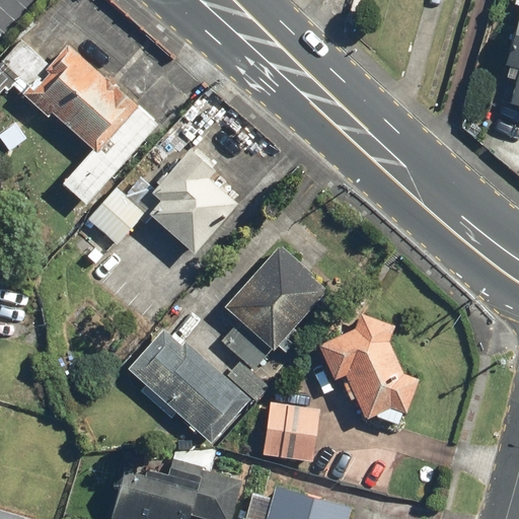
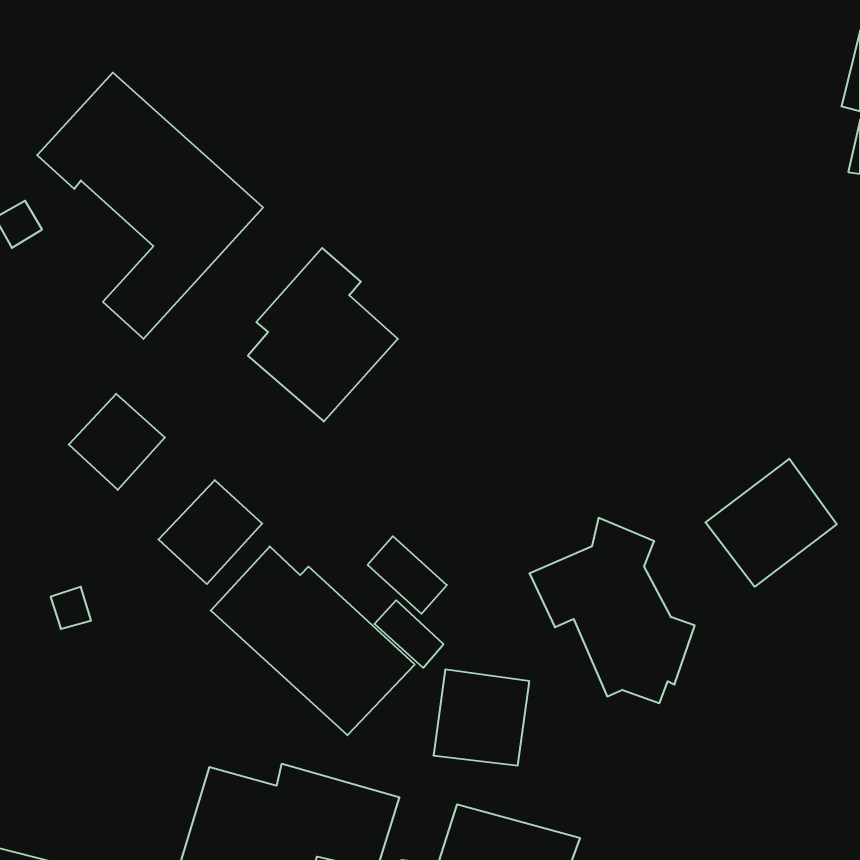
building: [86,187,144,244] -> [69,394,165,490]
building: [224,246,327,353] -> none
building: none -> [705,459,837,587]
building: none -> [158,480,262,584]

